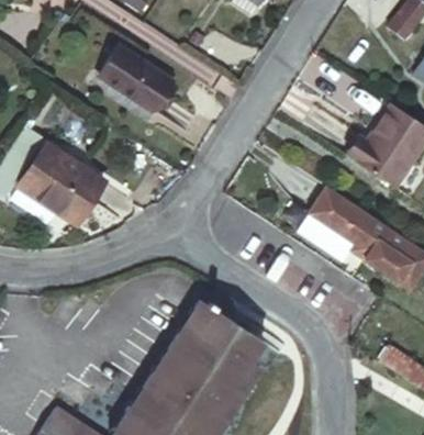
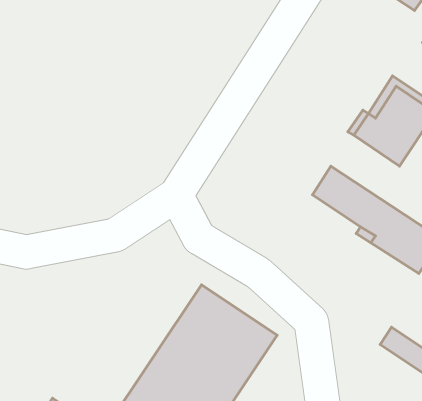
building: [99,49,170,111] -> none
building: [19,142,103,221] -> none

